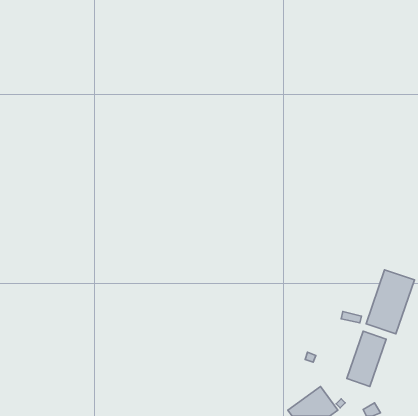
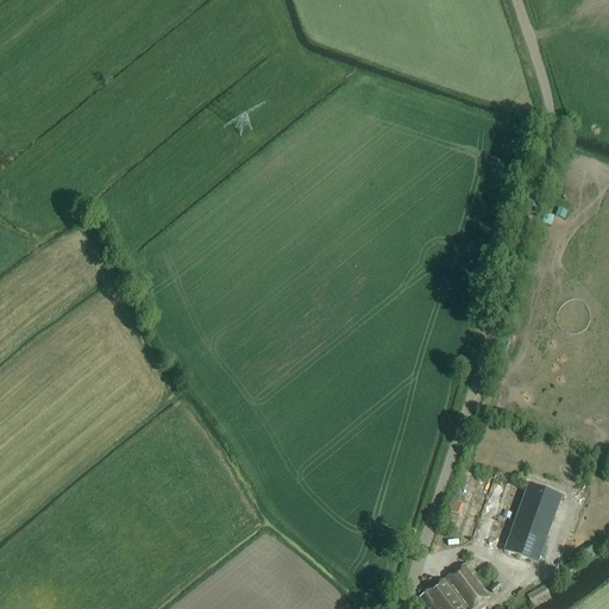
building: [366,270,414,334] -> none

